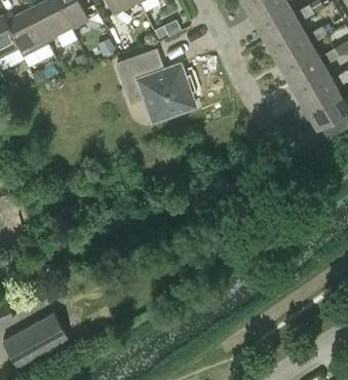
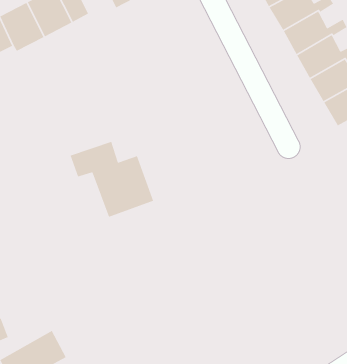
building: [116,53,194,124] -> [70,141,154,218]

